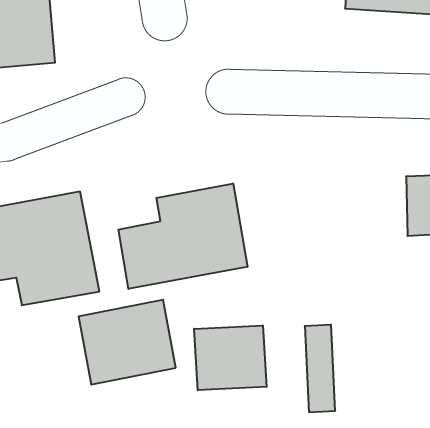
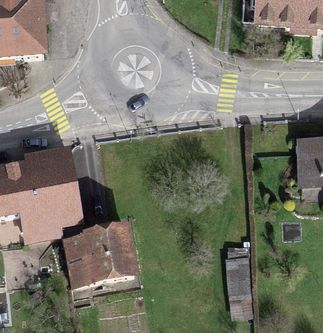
building: [118,183,247,289] -> none
building: [194,325,266,390] -> none

